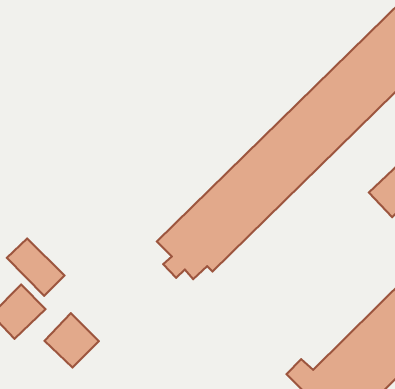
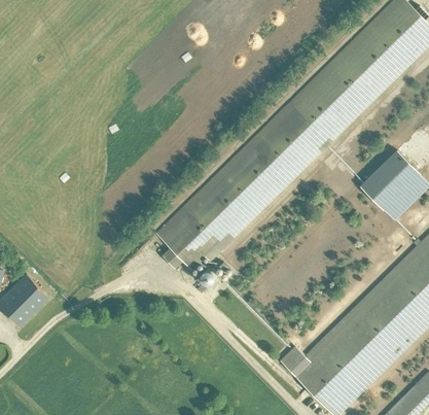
building: [7,239,64,296] -> none
building: [45,313,99,368] -> none

